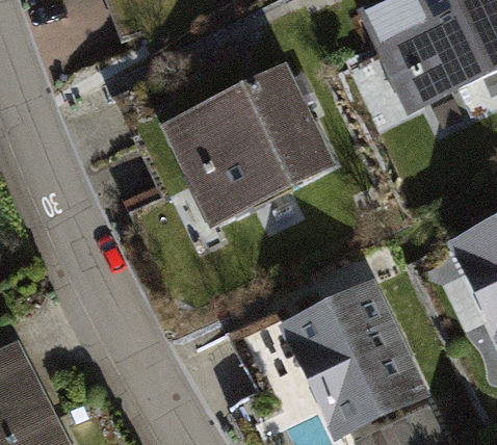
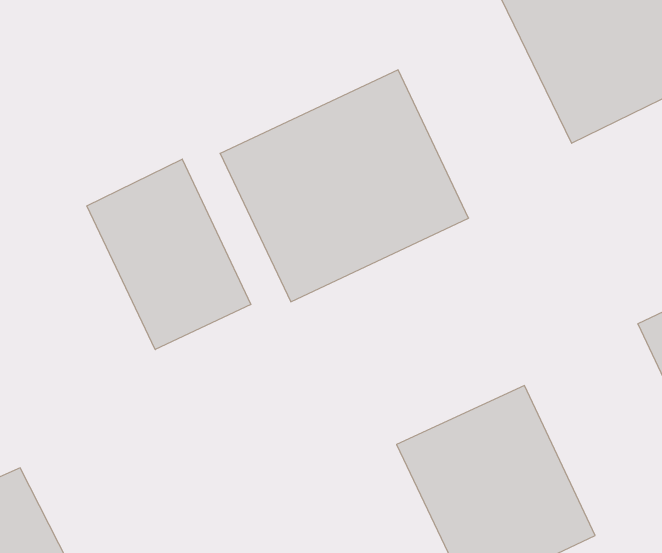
building: none -> [87,159,251,350]

